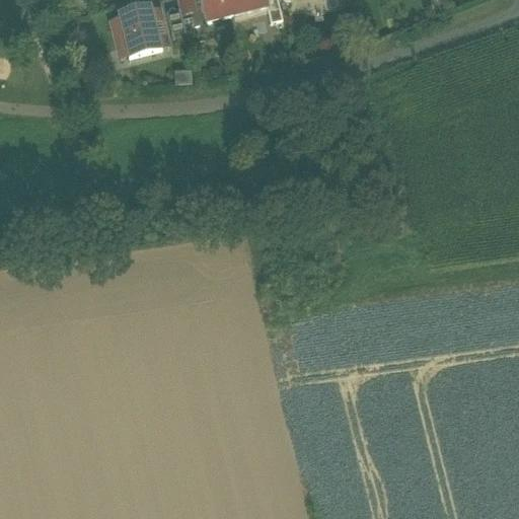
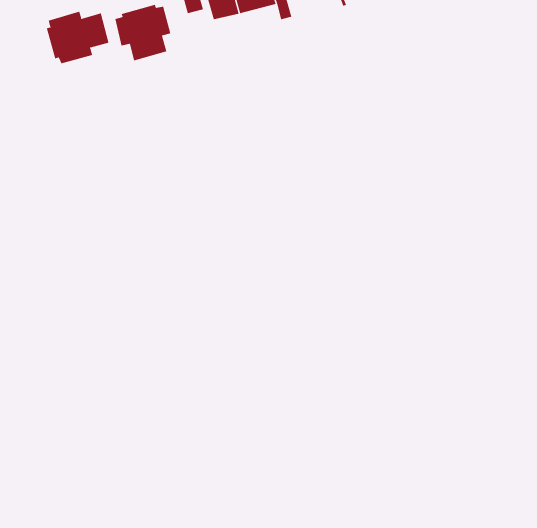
building: none -> [46,11,109,64]

